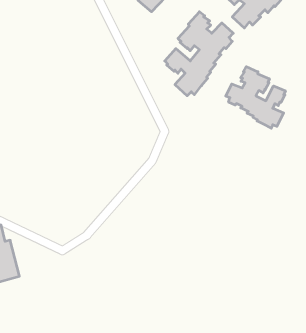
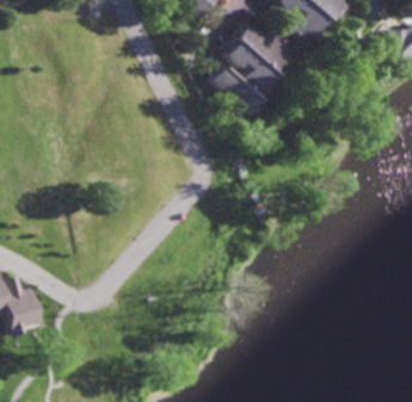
building: [226,67,285,128] -> none

